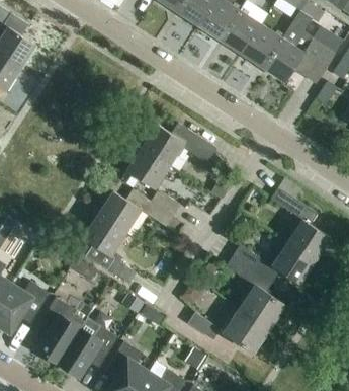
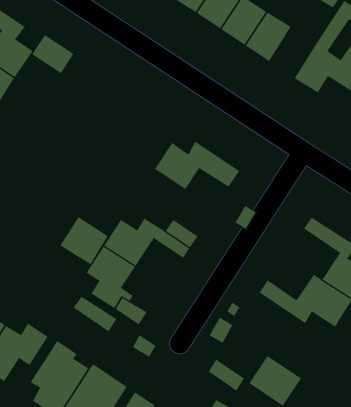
building: [242,24,282,69] -> none
building: none -> [31,34,74,74]
building: [125,148,169,189] -> none
building: none -> [60,216,109,265]
building: [226,255,285,330] -> none

